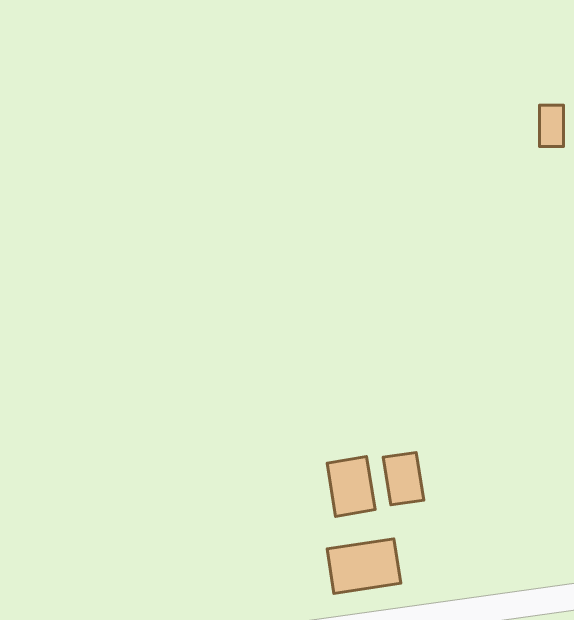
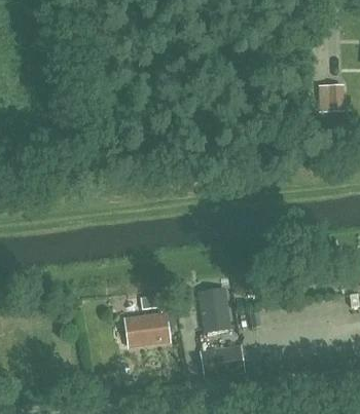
building: [383,452,424,505] -> none
building: none -> [124,313,169,345]

